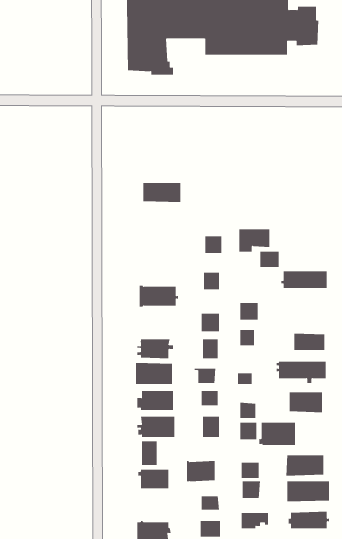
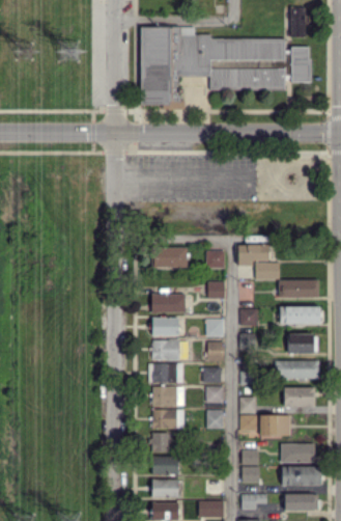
building: [143,183,181,203] -> [151,249,186,267]
building: none -> [278,307,322,324]
building: none -> [149,316,177,336]
building: [186,461,215,482] -> [152,479,178,498]

